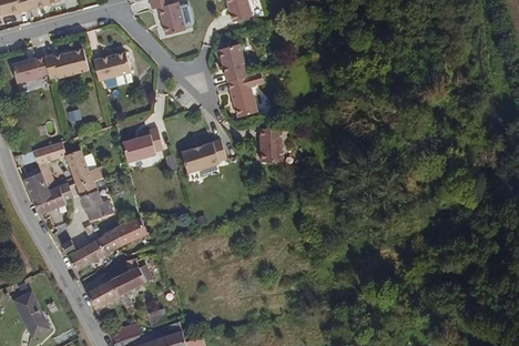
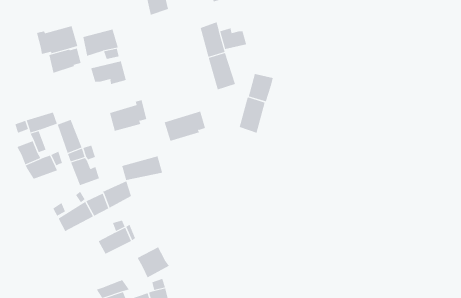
building: none -> [220,28,247,50]
building: [12,55,48,83] -> [49,48,81,73]
building: none -> [91,61,126,85]
building: none -> [248,73,273,102]
building: none -> [122,155,163,181]
building: [86,281,122,315] -> [137,246,170,278]
building: [16,293,49,336] -> none

